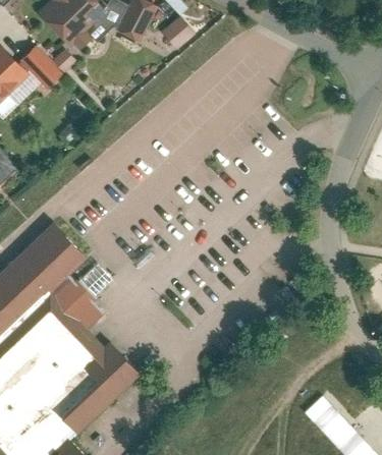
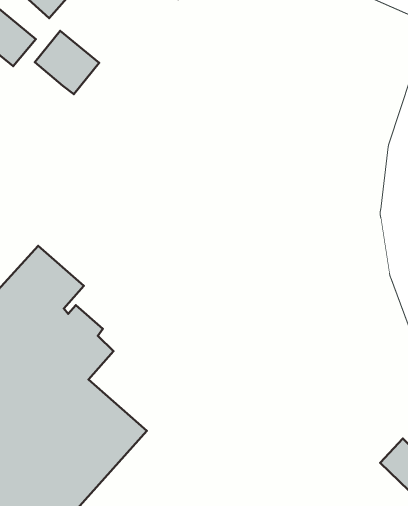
building: none -> [35,31,99,94]

